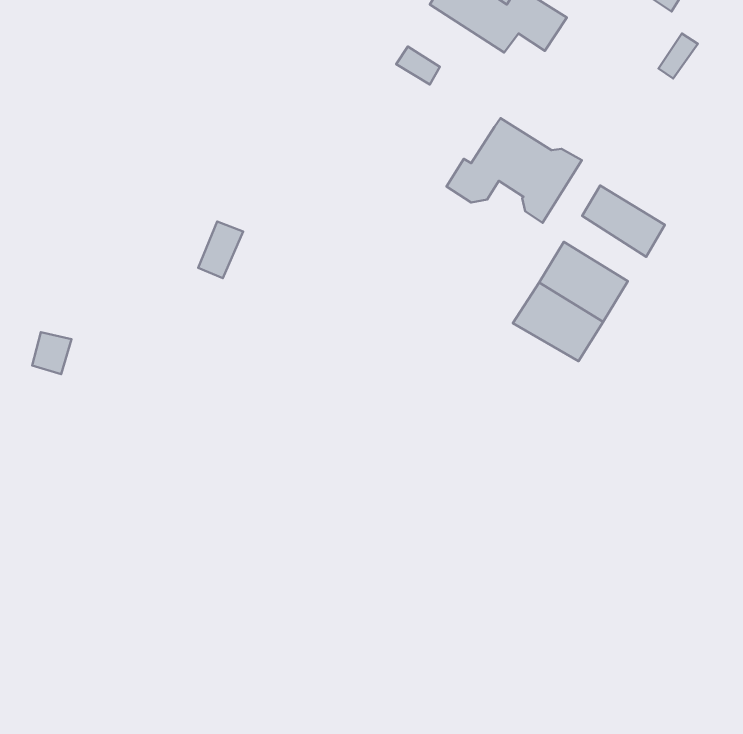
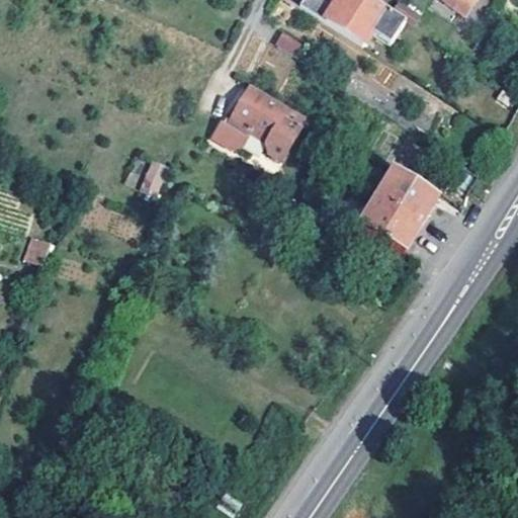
building: [446,118,582,223] -> [213,87,308,160]
building: [582,185,665,257] -> none

